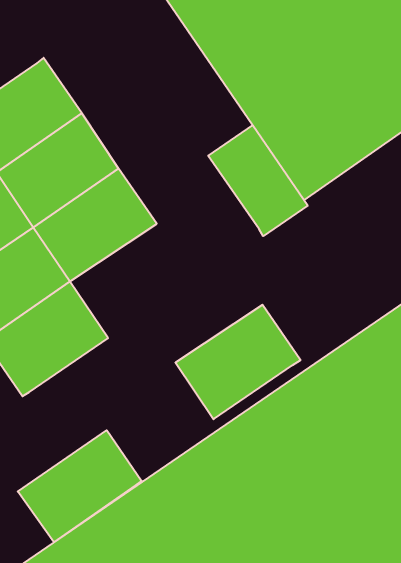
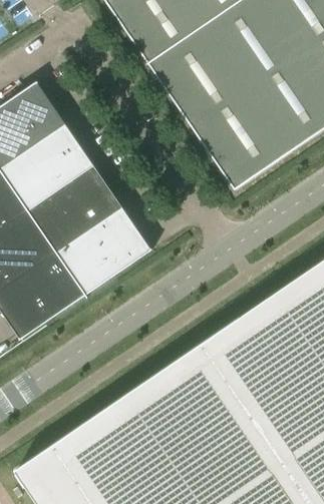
building: [208,125,308,236] -> none
building: [175,305,301,419] -> [57,208,152,296]
building: [18,430,142,542] -> none

